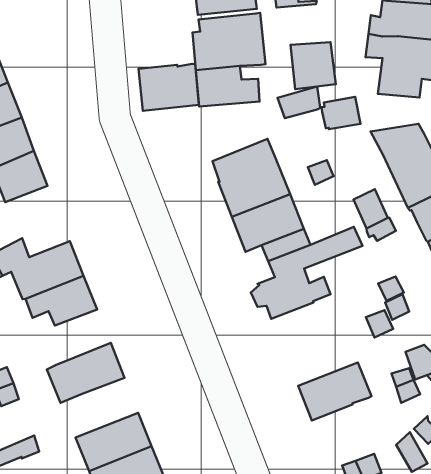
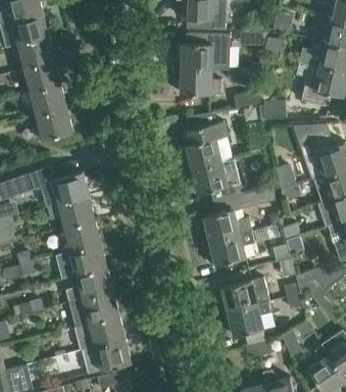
building: [291,42,336,89] -> none
building: [139,64,199,111] -> none
building: none -> [206,230,255,265]
building: none -> [55,219,100,253]
building: none -> [65,267,112,303]
building: none -> [228,302,269,337]

